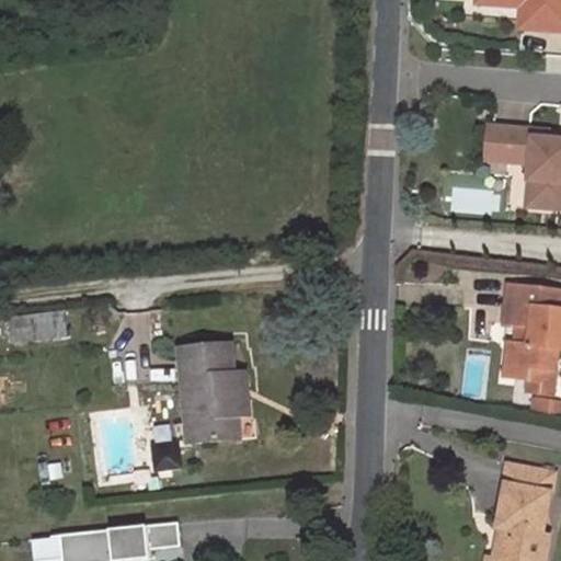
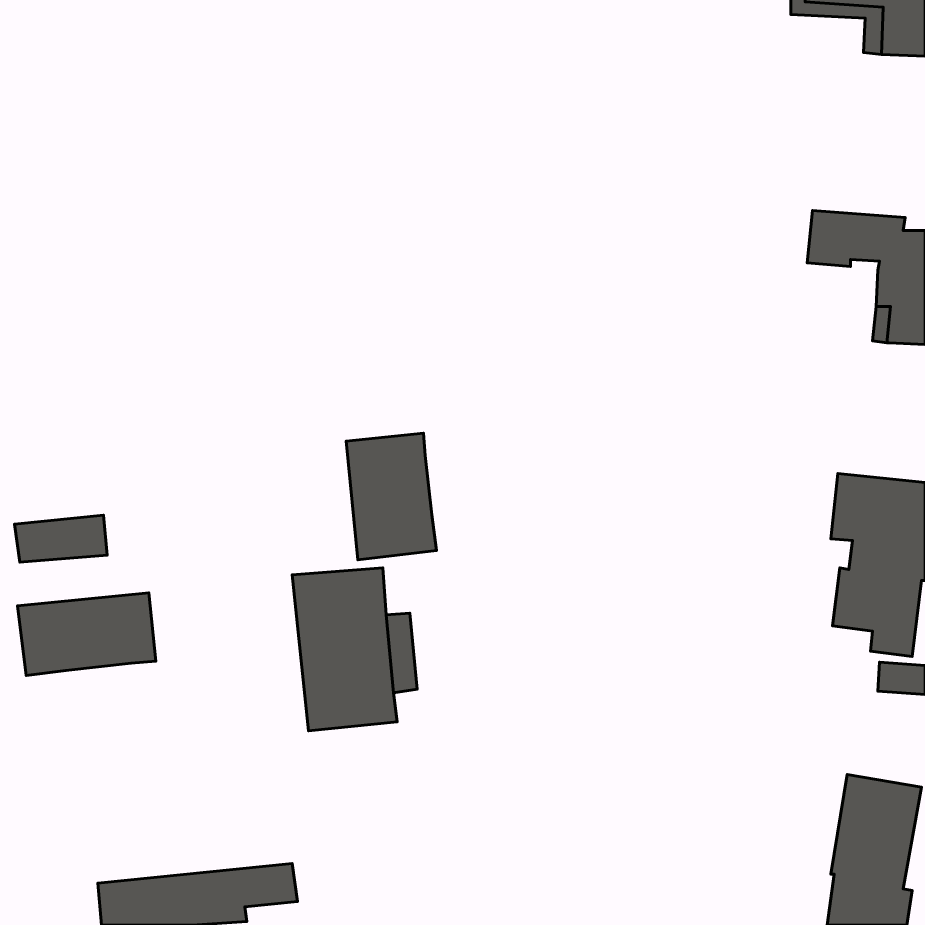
building: none -> [346,433,437,560]
building: none -> [17,593,156,675]

